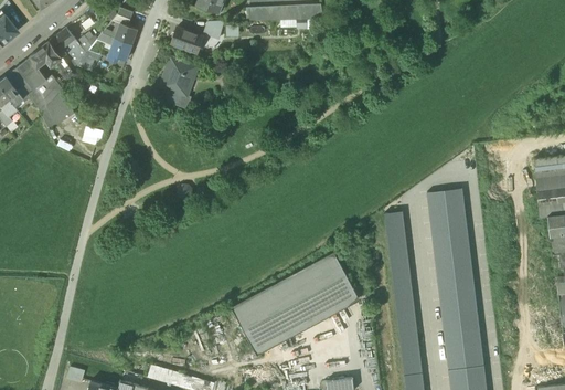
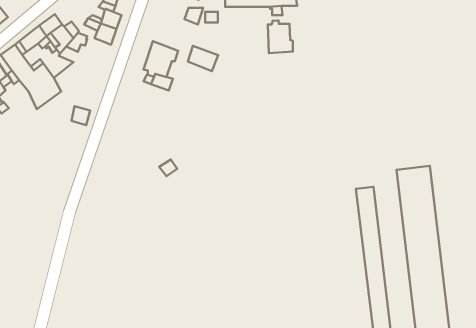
building: [171,27,203,53] -> [188,46,218,71]
building: none -> [268,21,293,53]
building: [234,254,356,350] -> none

